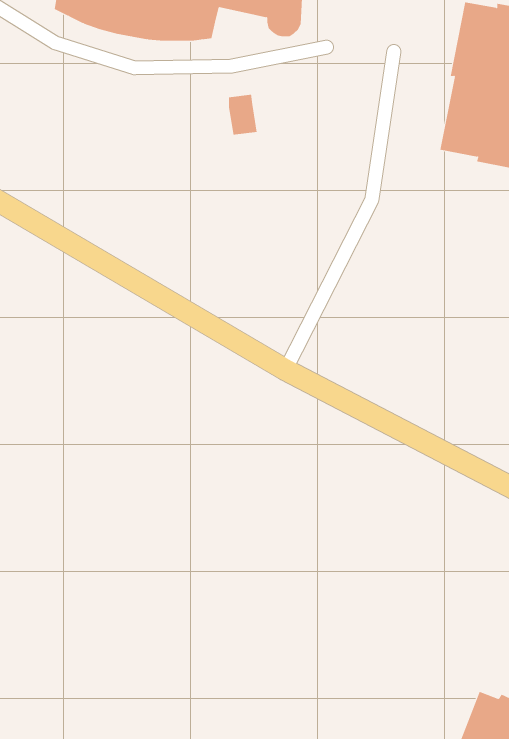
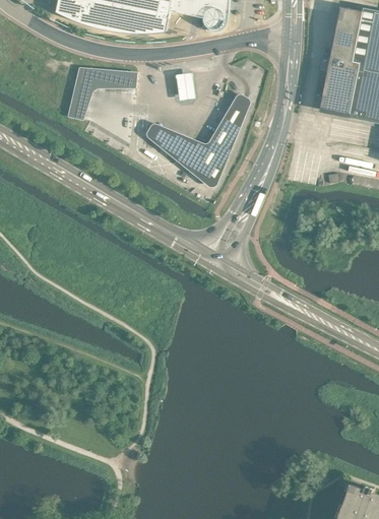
building: none -> [71,66,136,117]
building: none -> [145,92,249,186]

